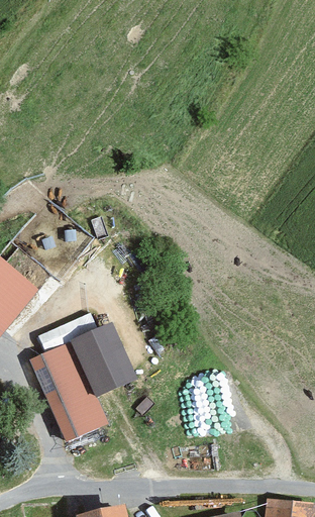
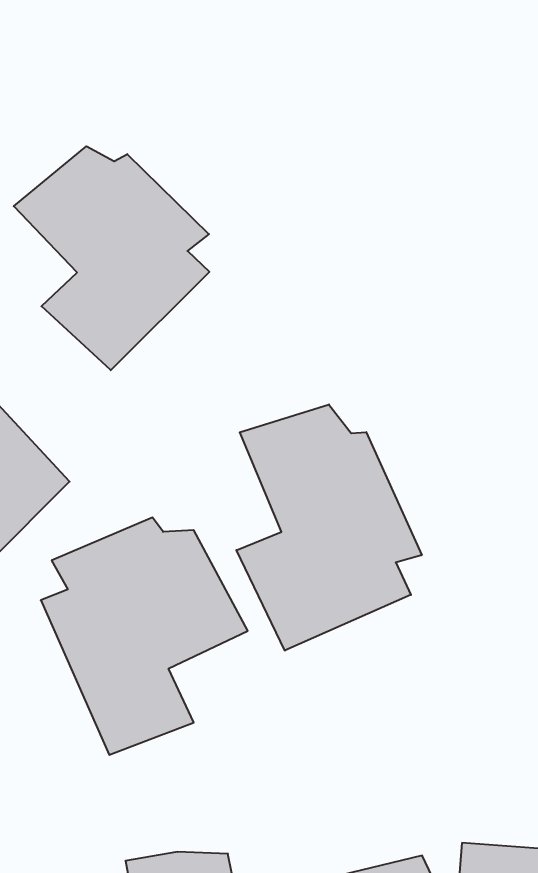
building: none -> [14,146,209,370]
building: none -> [236,404,422,651]

